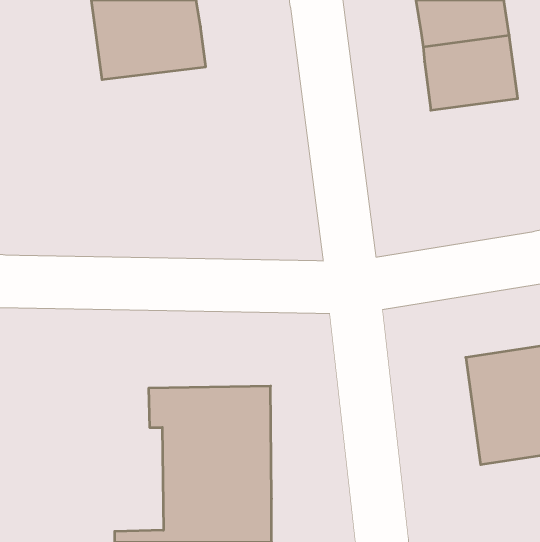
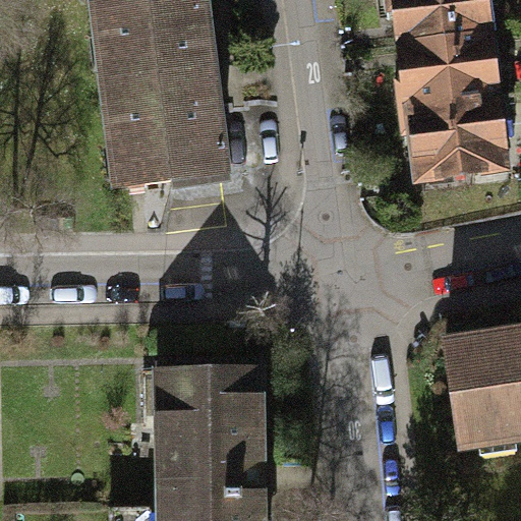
building: none -> [100,64,213,184]
building: none -> [415,95,508,178]

